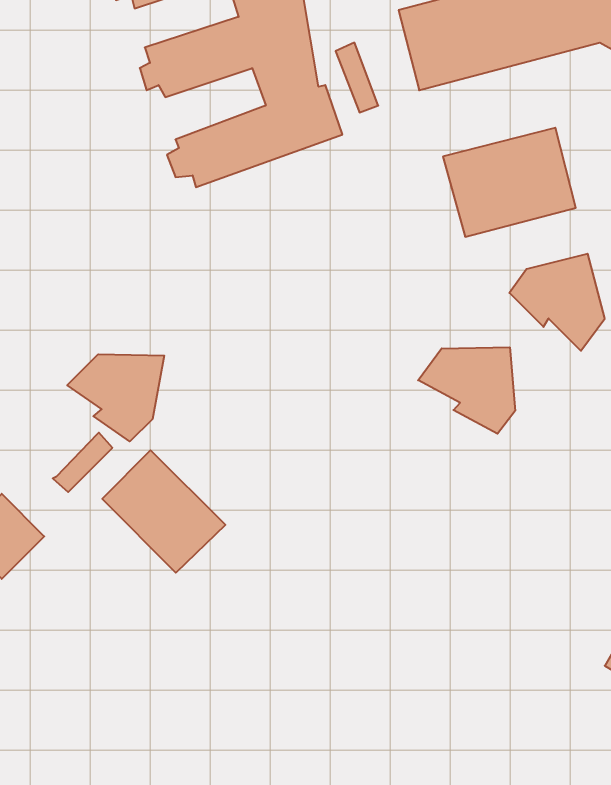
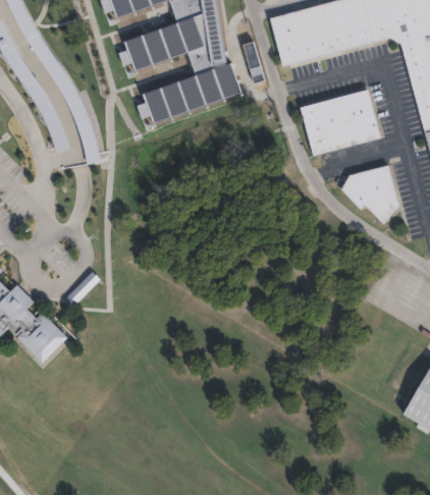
building: [418,347,515,434] -> none
building: [67,354,164,441] -> none
building: [102,450,225,573] -> none

